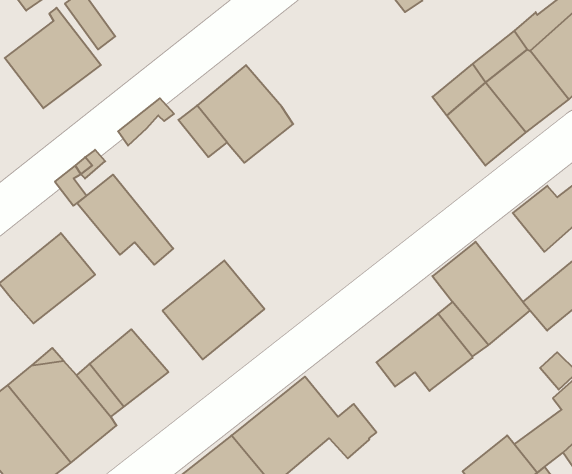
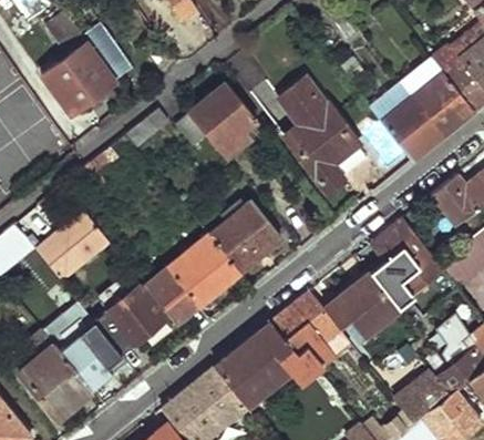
building: none -> [274,72,362,192]
building: [78,175,173,265] -> none
building: none -> [209,201,284,272]
building: none -> [144,273,193,325]
building: none -> [271,293,341,367]

